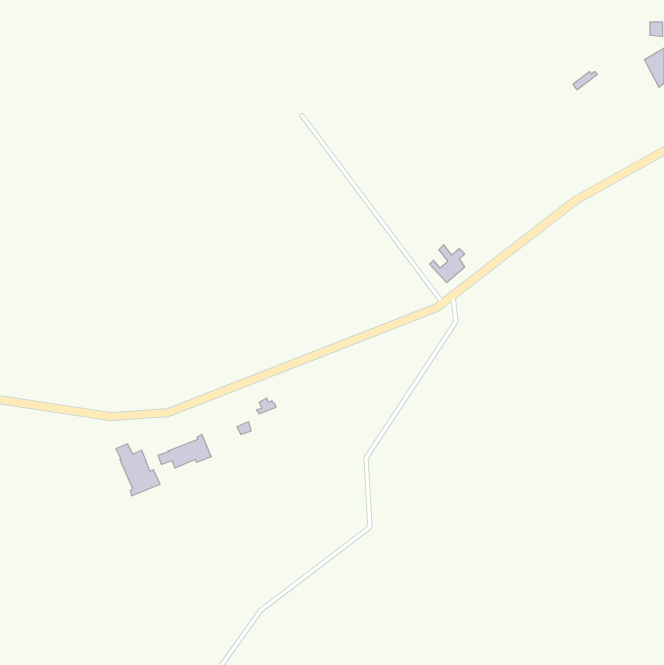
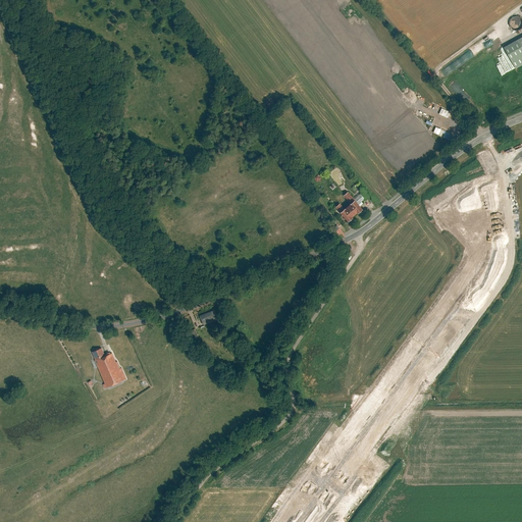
building: [158,434,211,468] -> none

